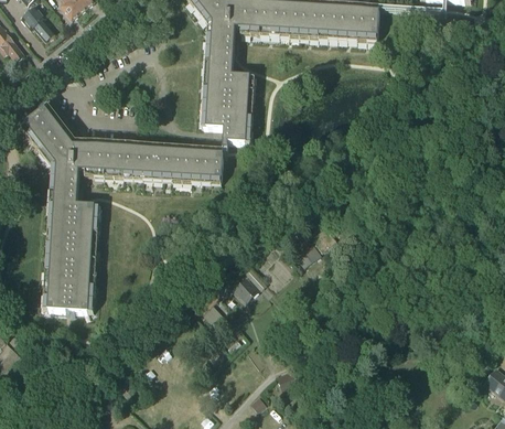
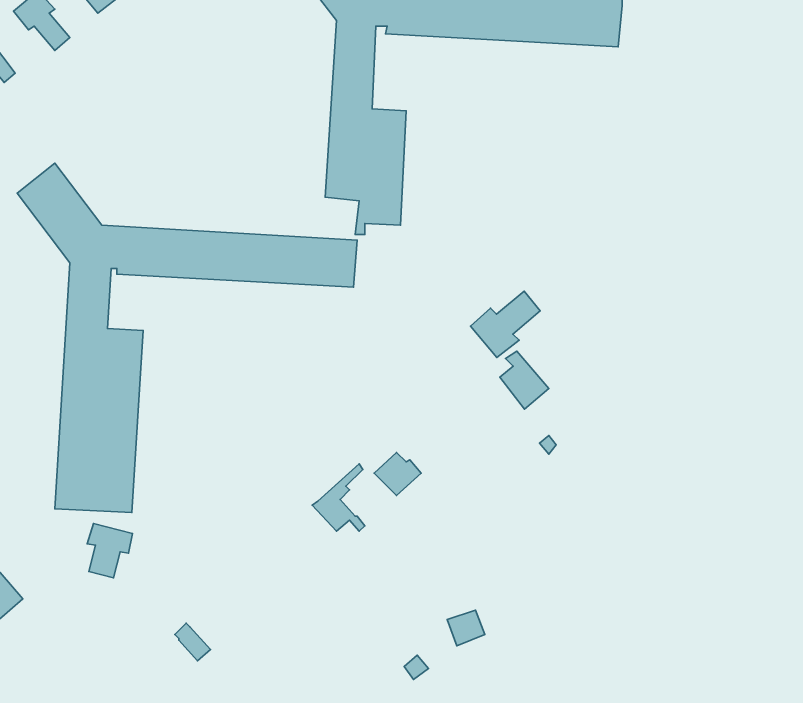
building: none -> [470,291,540,358]
building: none -> [87,523,133,578]

